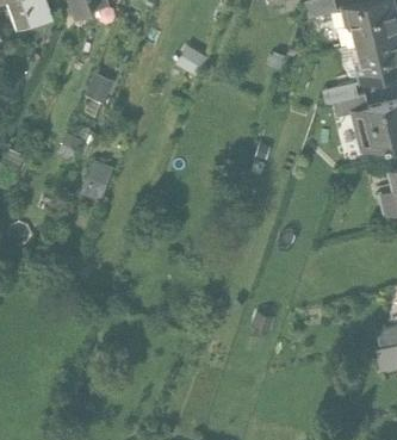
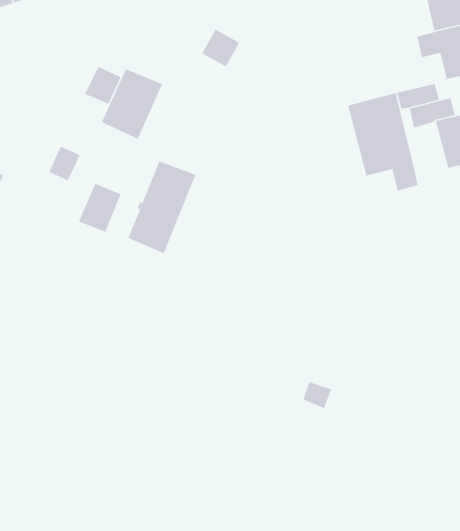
building: none -> [101,68,163,140]
building: none -> [347,92,418,191]
building: none -> [127,160,196,254]

